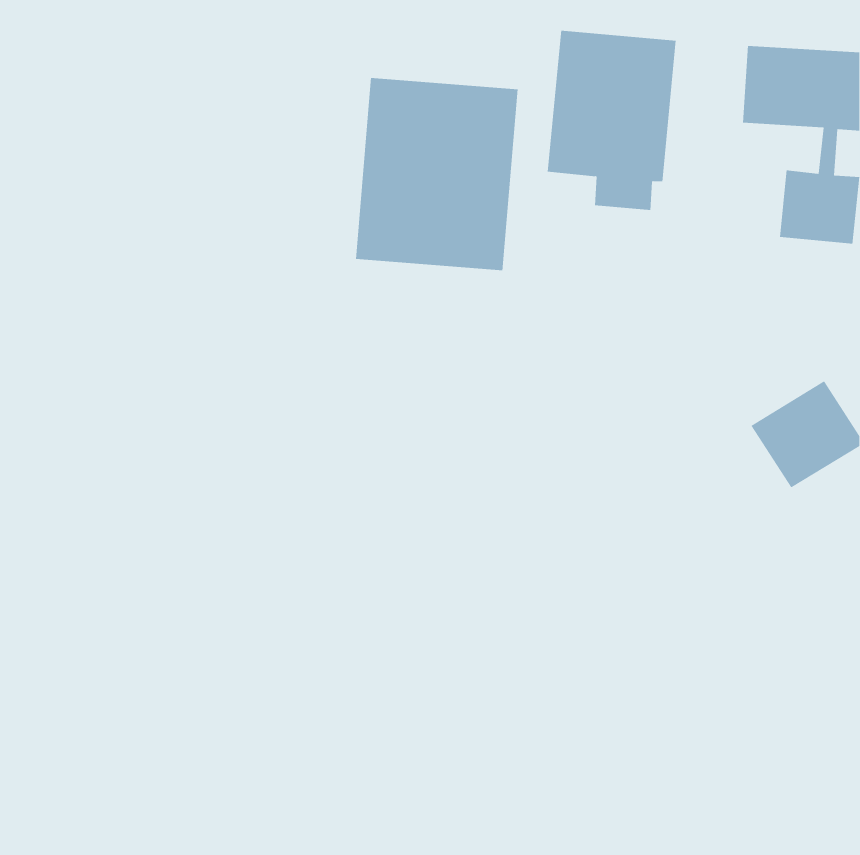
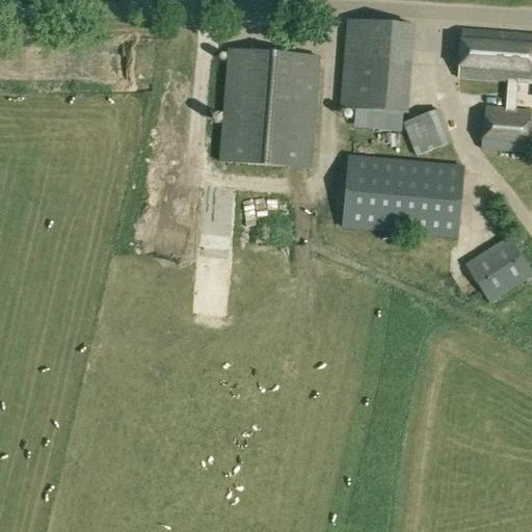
building: none -> [403,107,452,155]
building: none -> [351,156,466,237]

